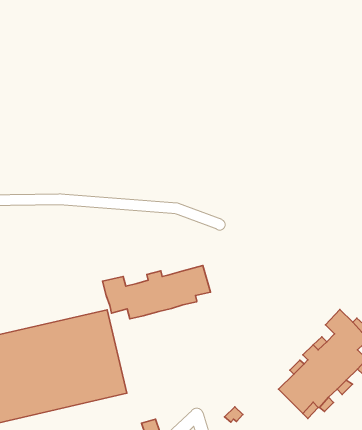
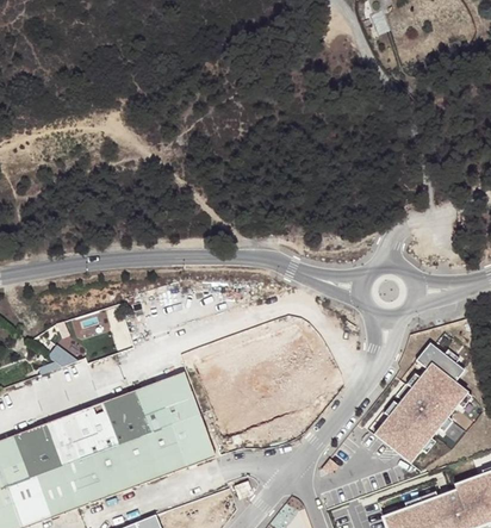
building: [102,266,210,319] -> none

